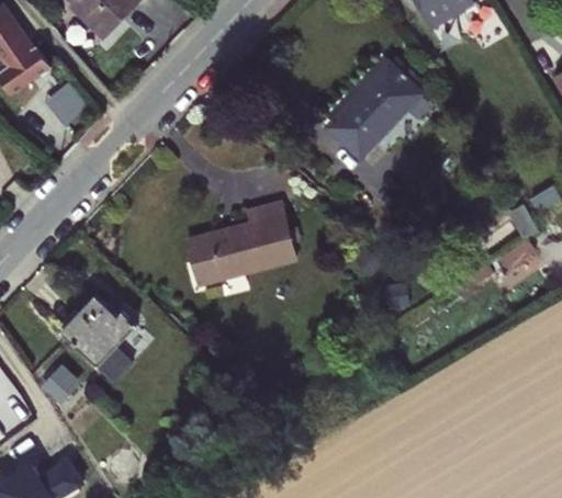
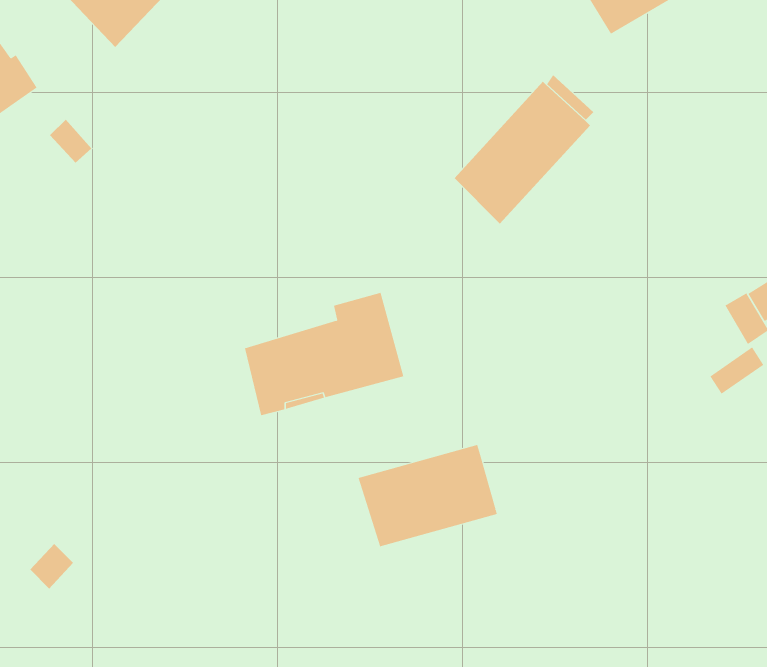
building: [59,293,136,366] -> none
building: none -> [358,444,498,547]

